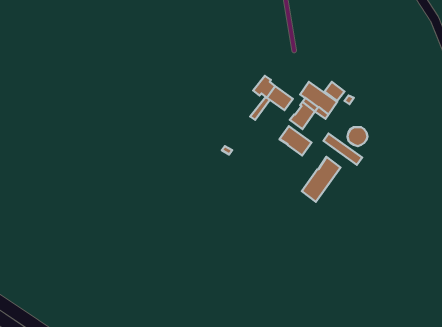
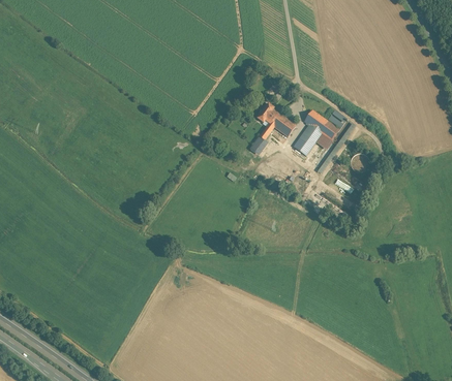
building: [279,126,312,155] -> none
building: [302,157,340,202] -> none

